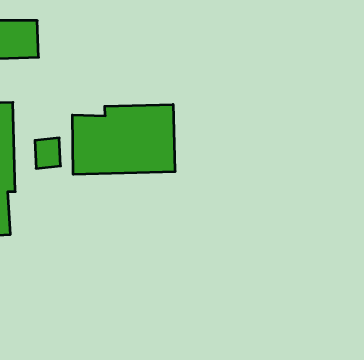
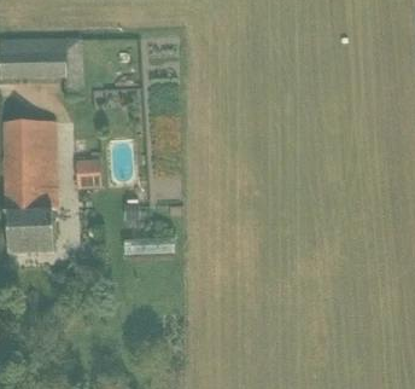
building: [72,104,175,174] -> none

